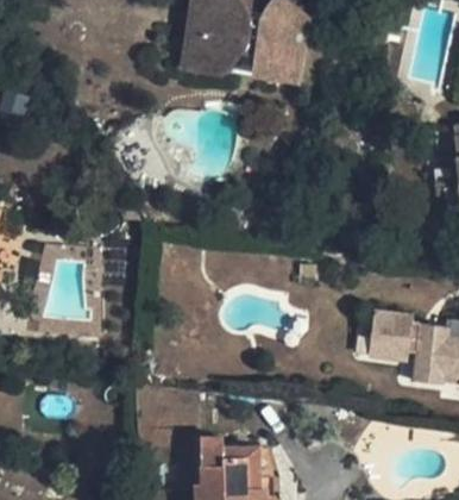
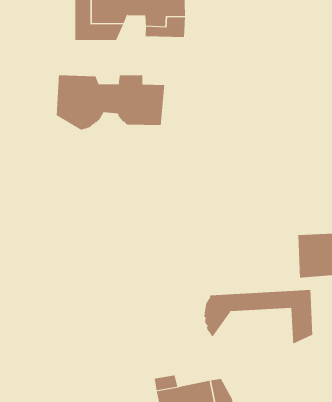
building: none -> [56,74,165,130]
building: none -> [204,289,313,345]

